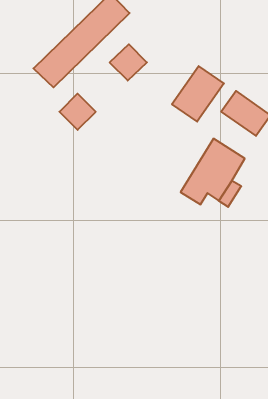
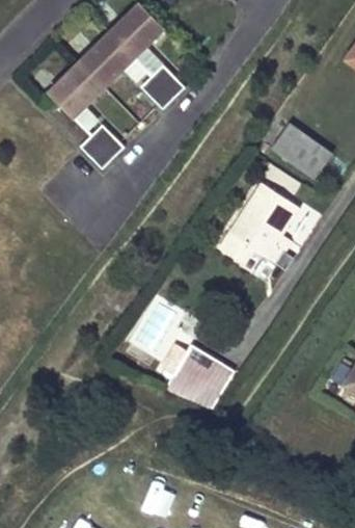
building: [172,66,224,122] -> none
building: none -> [174,351,222,392]

